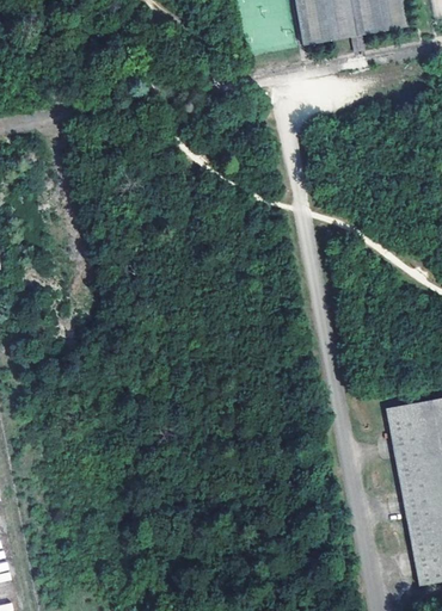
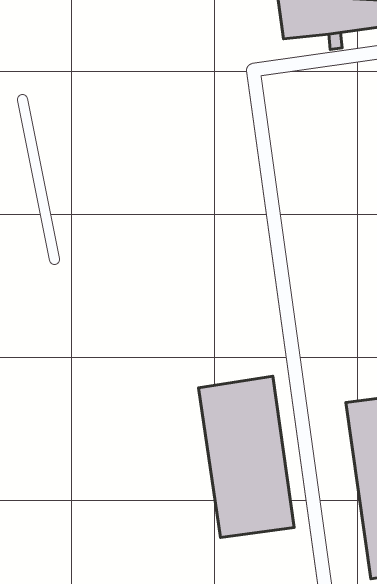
building: none -> [199,376,294,537]

